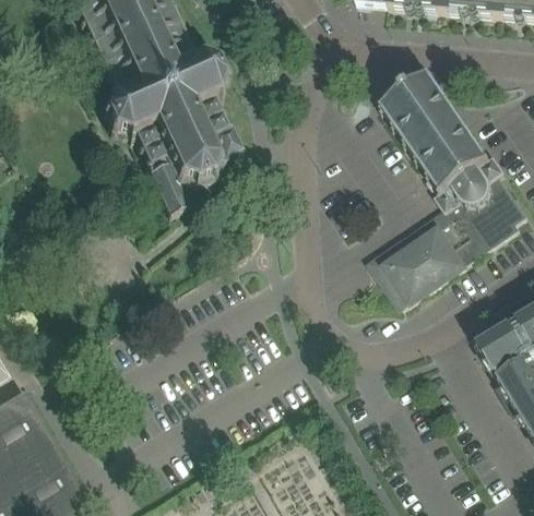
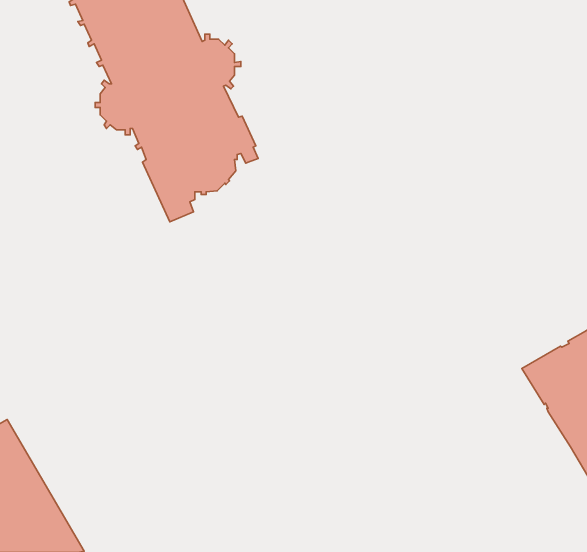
building: [370,67,526,301] -> none

